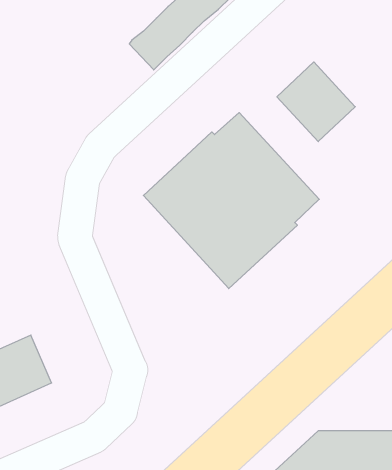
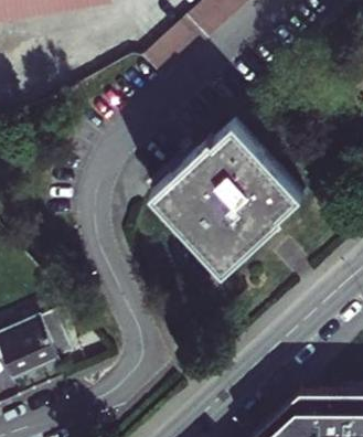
building: [277,62,355,142] -> none

